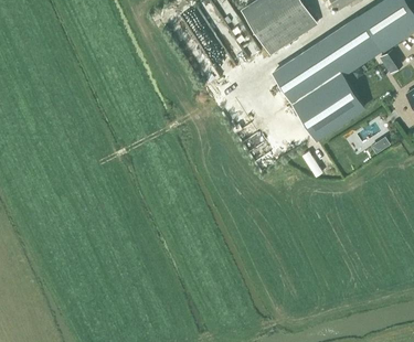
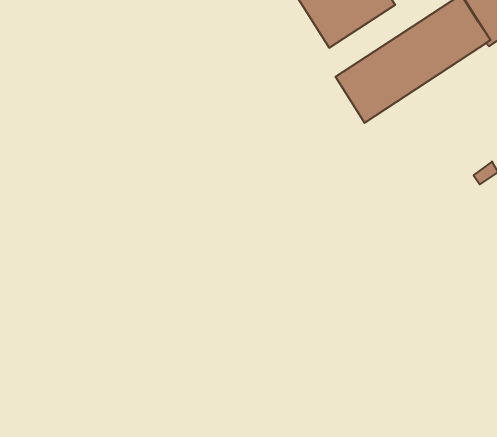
building: [295,79,363,140] -> none

